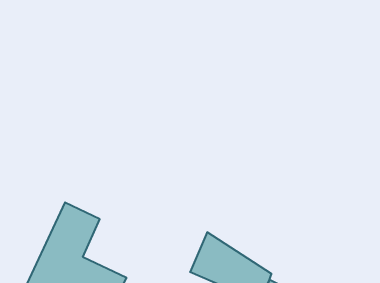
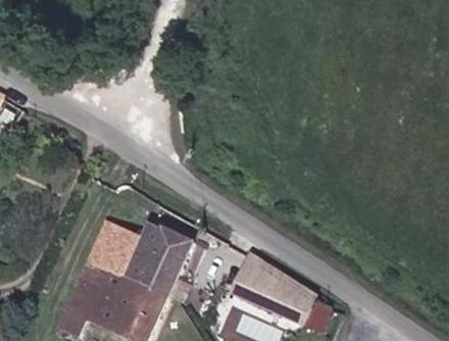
building: none -> [121,225,192,300]

